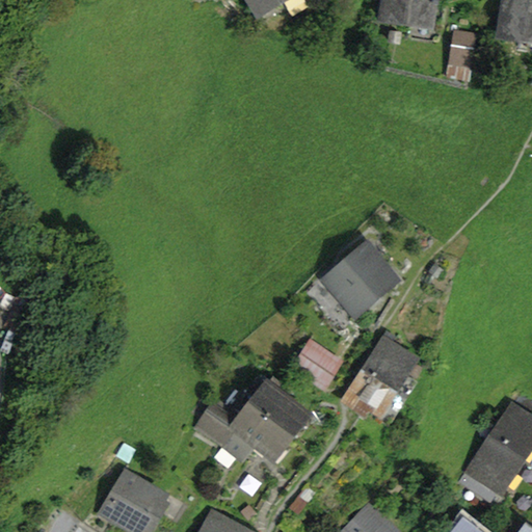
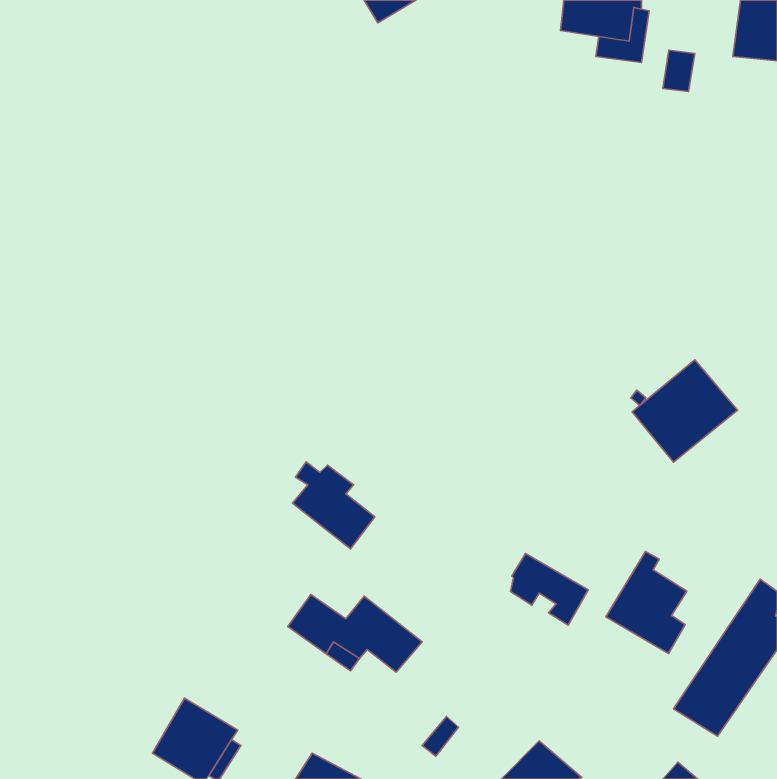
building: [324,246,396,316] -> [632,360,737,462]
building: [358,332,414,402] -> [606,551,687,654]
building: [293,343,338,387] -> none
building: [248,378,304,437] -> [292,462,375,549]

